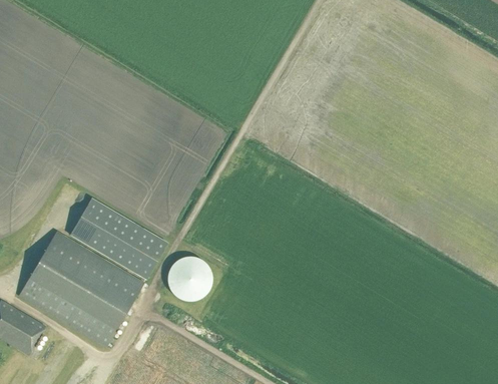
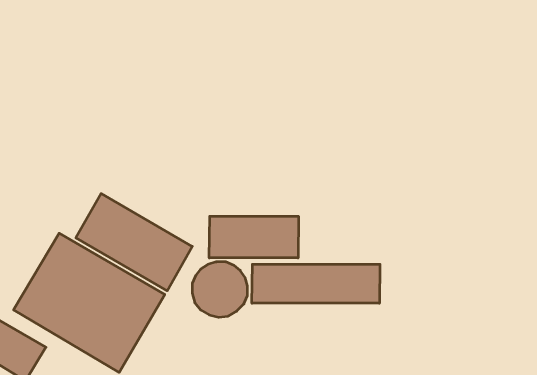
building: none -> [209,216,298,258]
building: none -> [252,264,380,303]

